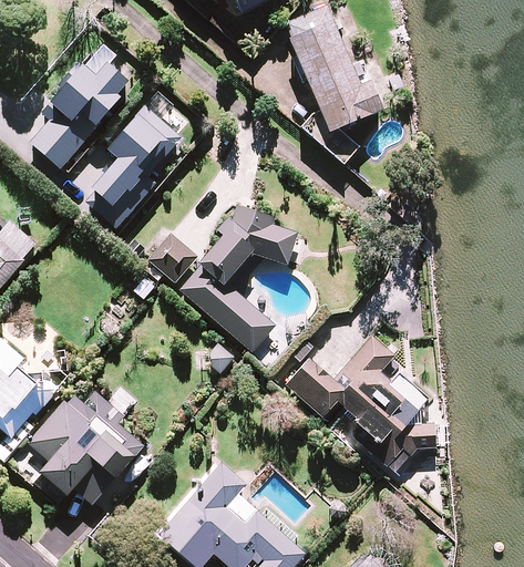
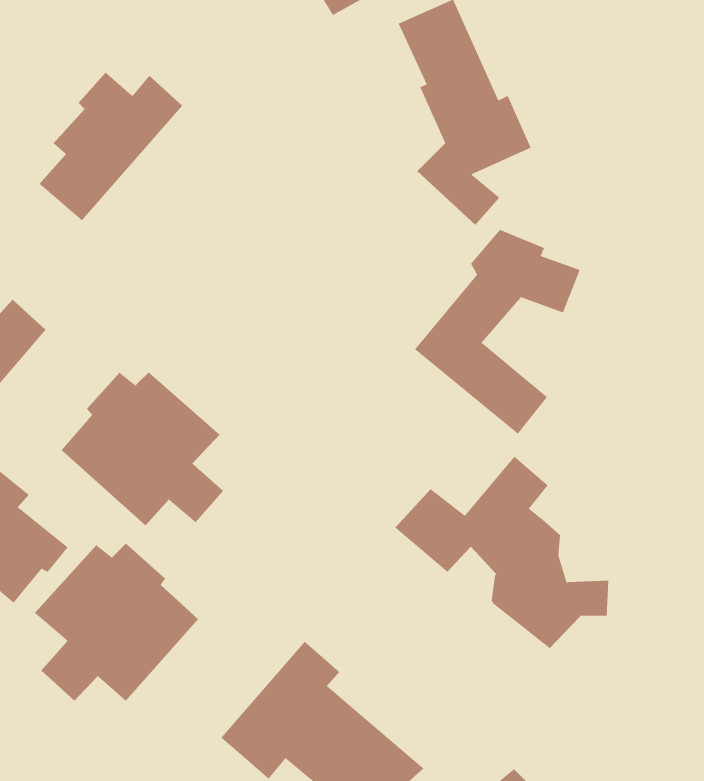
building: [83,104,177,223] -> none
building: [179,202,298,348] -> [414,229,580,435]
building: [150,233,197,281] -> none
building: none -> [61,371,224,526]

